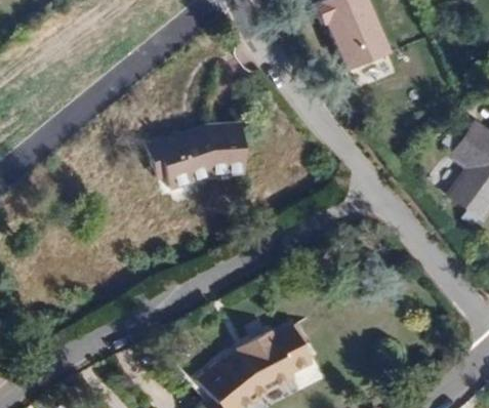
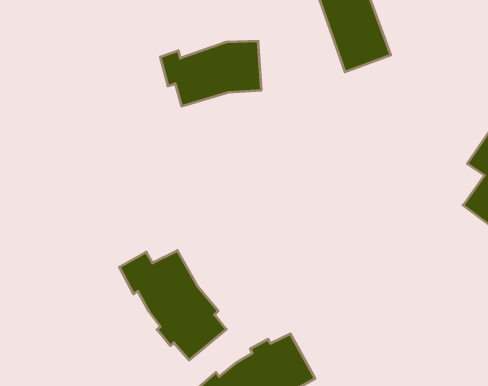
building: [147,123,244,186] -> [160,41,261,106]
building: none -> [119,250,226,360]

